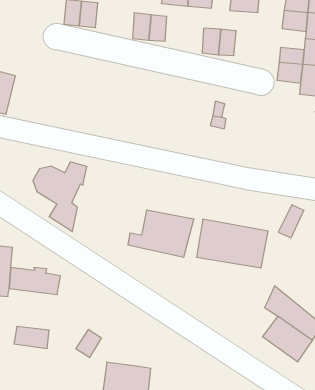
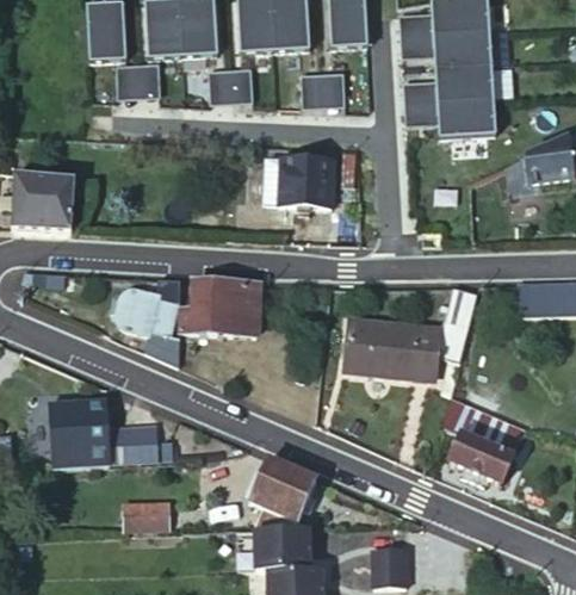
building: none -> [275,150,327,203]
building: [128,210,194,257] -> [180,280,260,333]
building: none -> [244,457,315,528]

